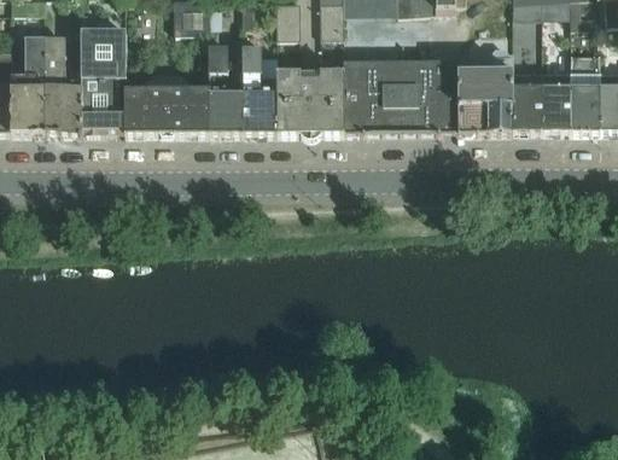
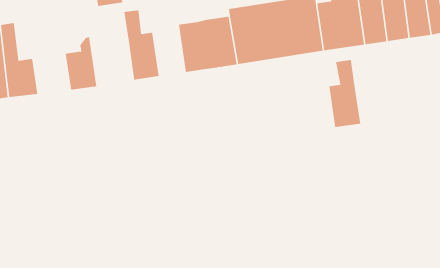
building: [81,27,126,134] -> none
building: [241,43,275,133] -> none
building: [159,69,208,134] -> none
building: none -> [329,59,361,128]

